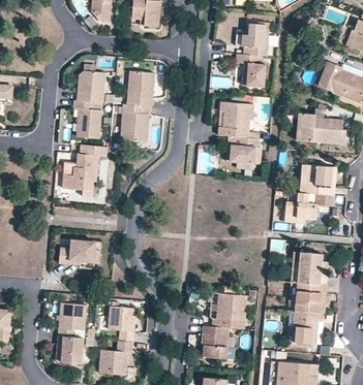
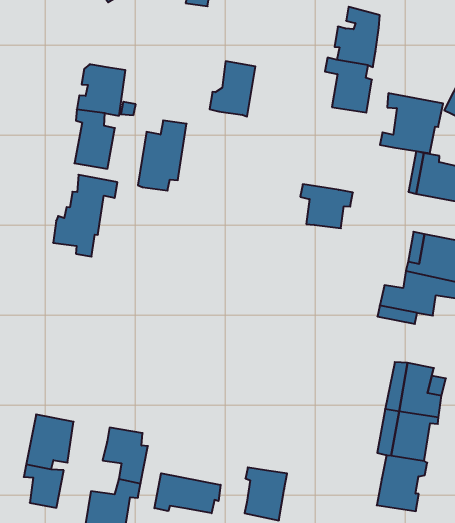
building: [126,71,154,106] -> [210,61,255,117]
building: [217,104,256,141] -> [380,93,443,153]
building: [60,239,96,263] -> none
building: [216,293,246,330] -> none
building: none -> [154,473,221,513]

